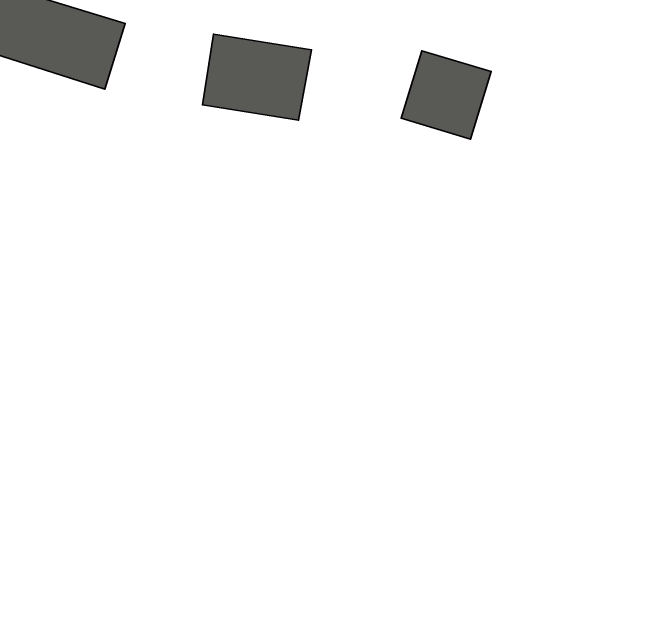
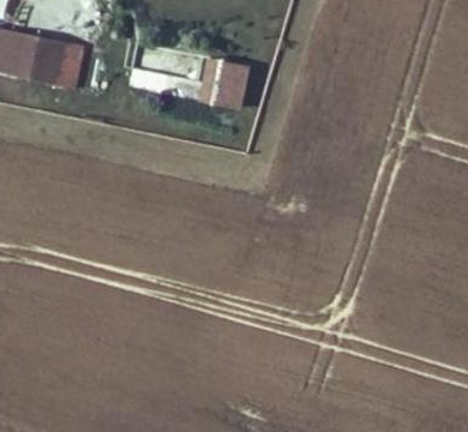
building: [401,51,491,139] -> [196,58,247,108]

